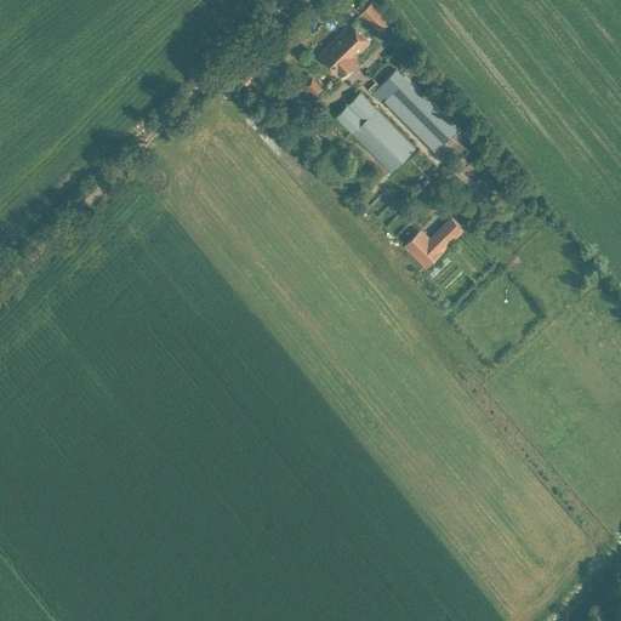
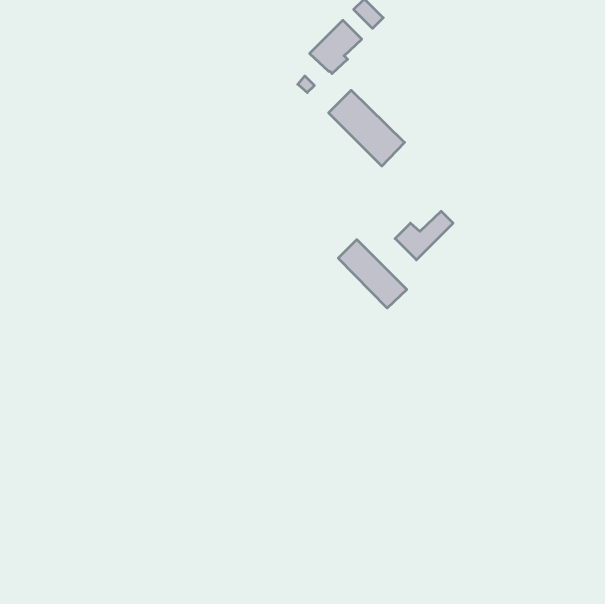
building: [372,70,455,153] -> none
building: none -> [338,240,407,308]

